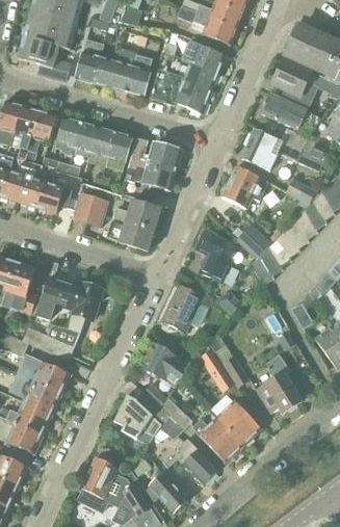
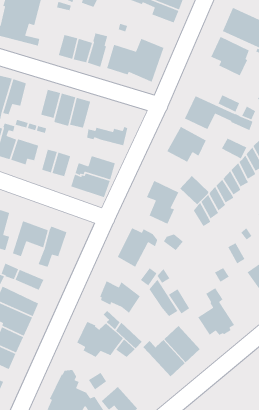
building: [75,37,104,81] -> none
building: [183,43,225,72] -> none
building: [262,94,321,127] -> none
building: [55,115,80,155] -> none
building: [128,137,181,170] -> none
building: [178,437,218,482] -> none

